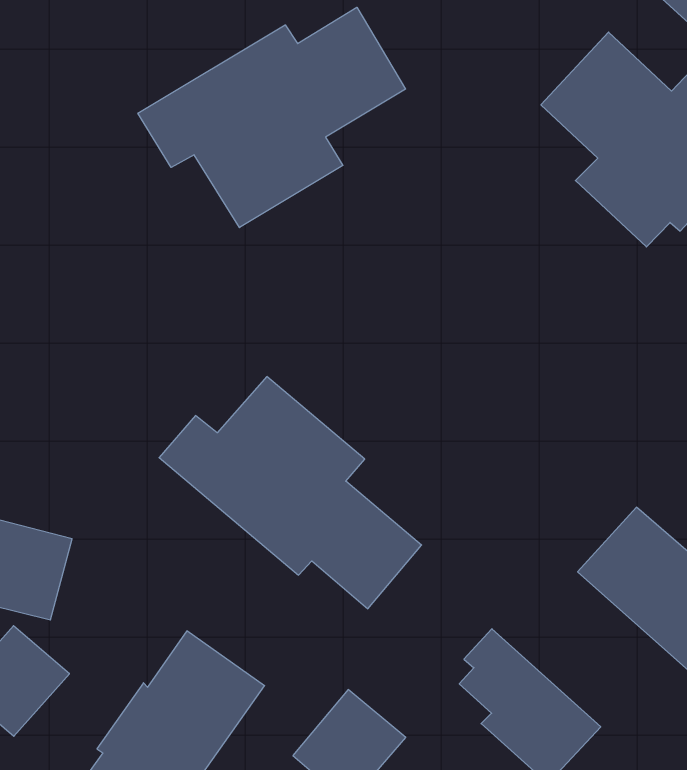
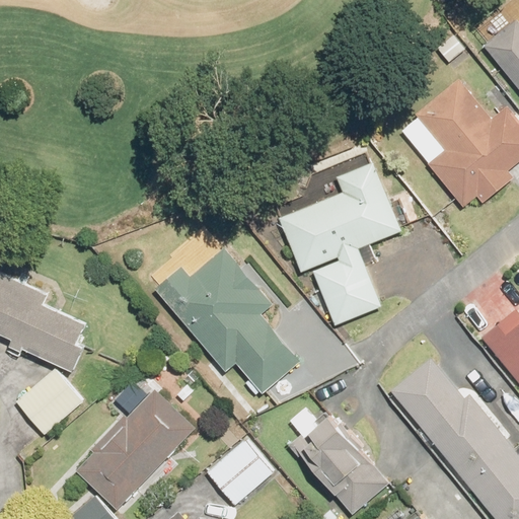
building: [138,7,406,228] -> none
building: none -> [277,161,403,326]

